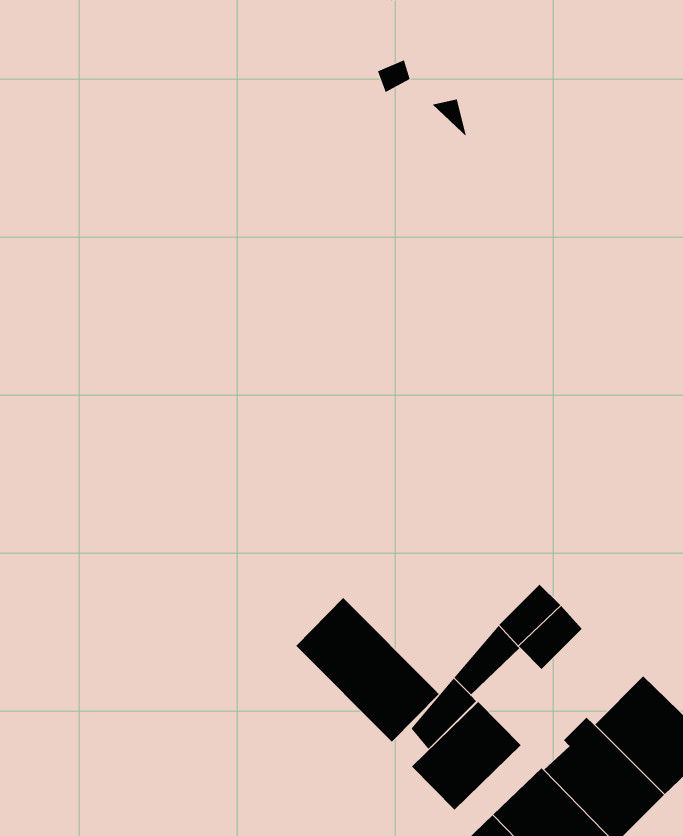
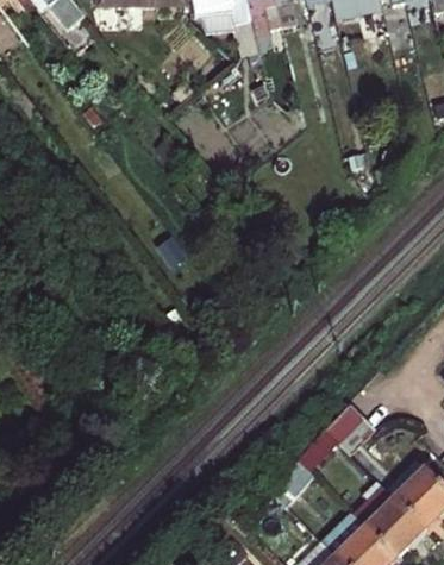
building: [295,597,440,743] -> none
building: [411,701,522,810] -> none

